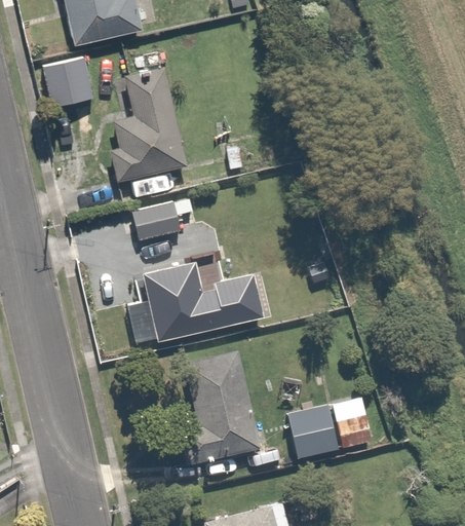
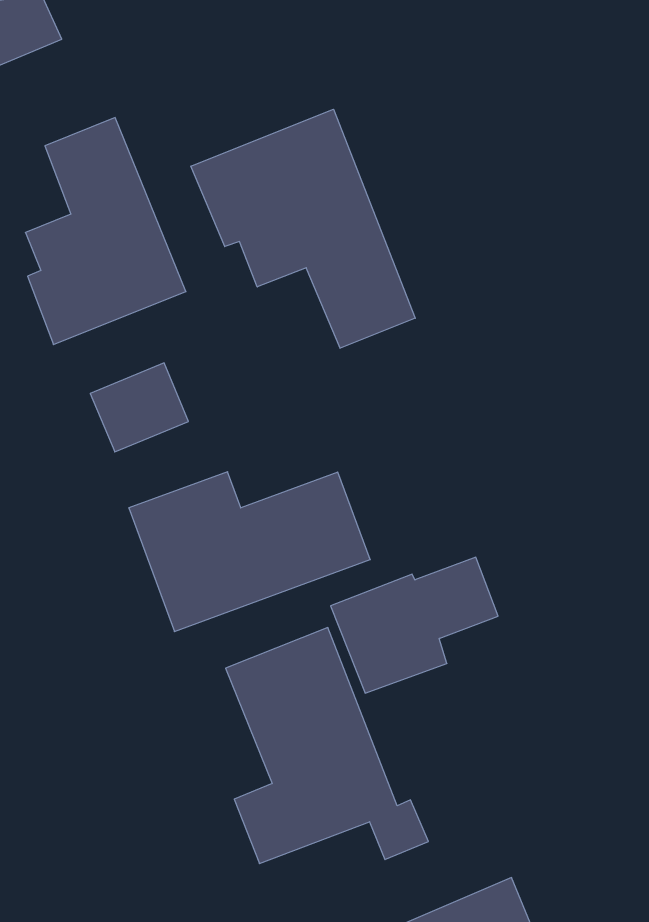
building: none -> [191,109,415,348]
building: [286,398,372,459] -> [331,557,498,693]

